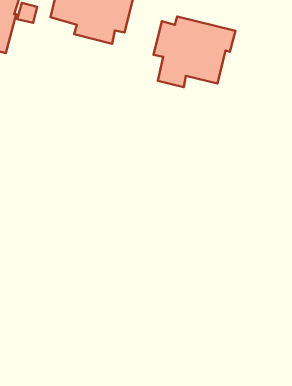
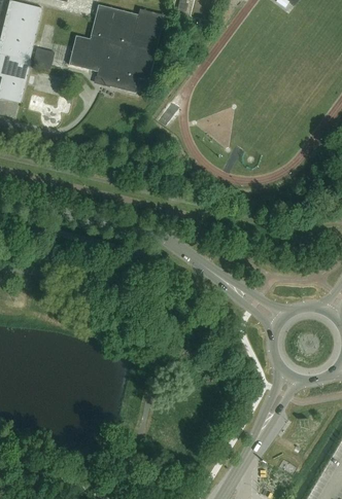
building: [154,17,235,87] -> none

